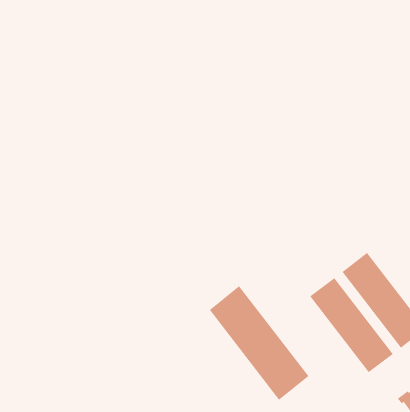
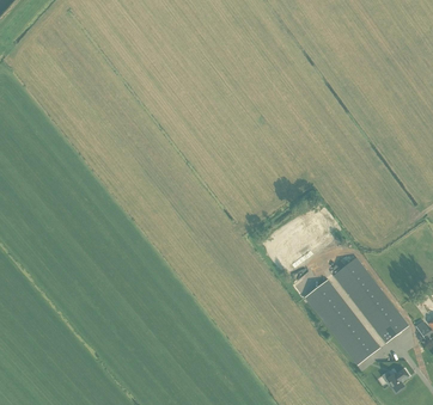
building: [209,285,310,401] -> none

